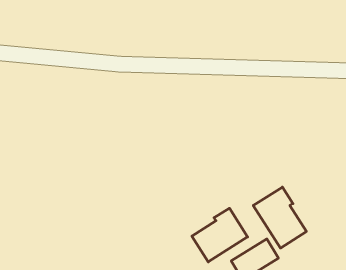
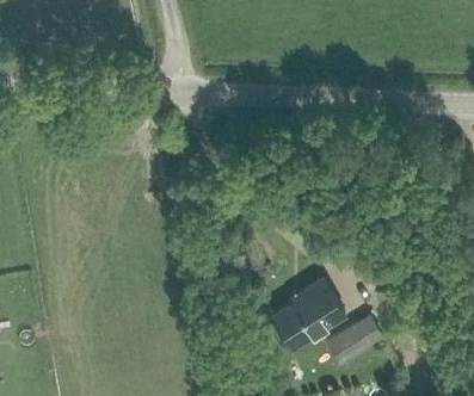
building: [253,187,306,248] -> none

